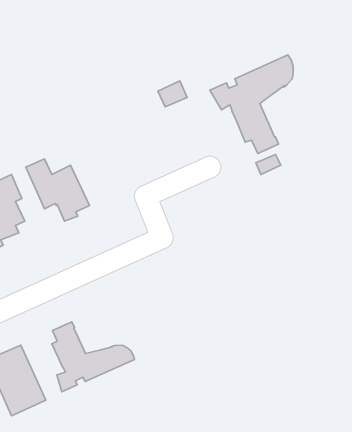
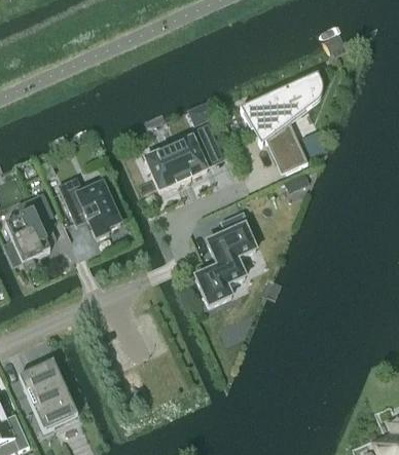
building: none -> [144,122,215,190]
building: none -> [195,211,255,305]
building: [52,322,135,392] -> none

